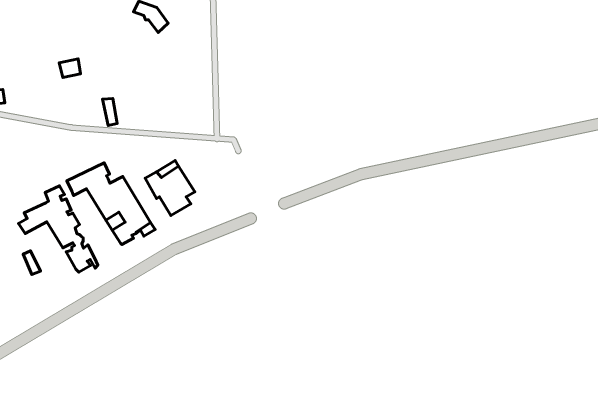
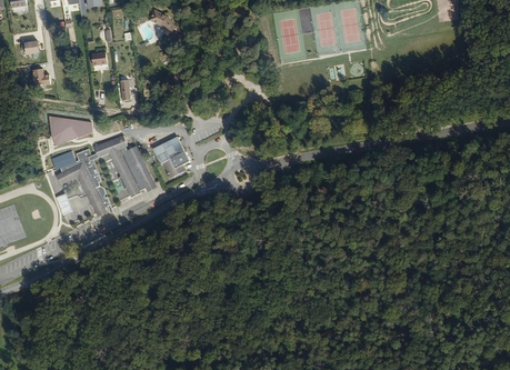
building: none -> [49,116,92,146]

